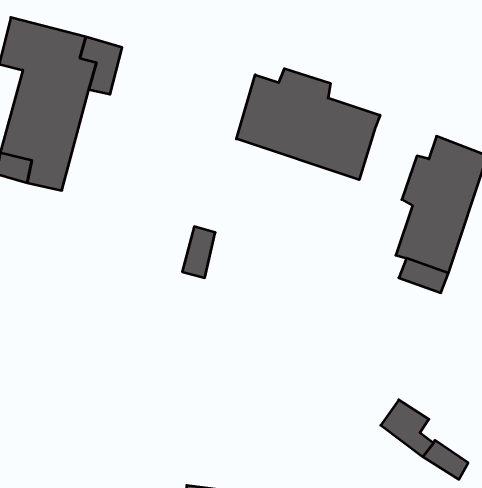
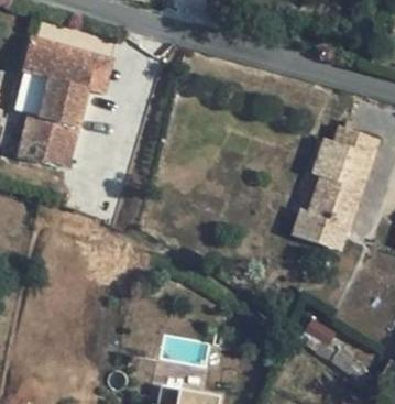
building: [236,69,380,180] -> none

